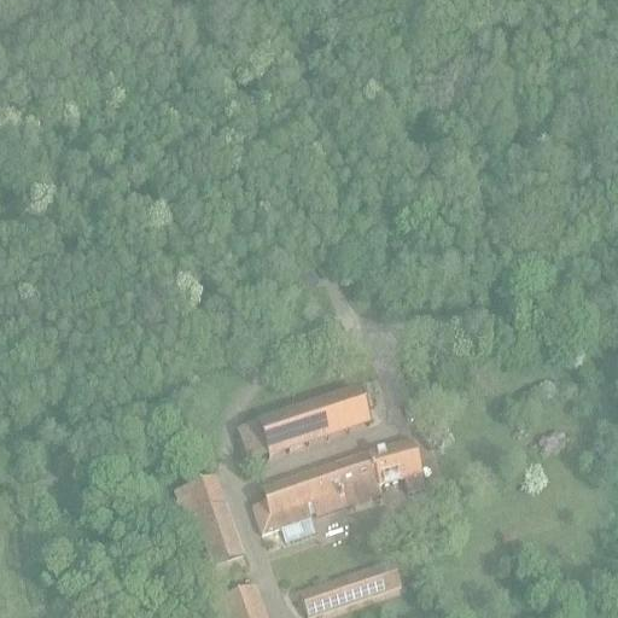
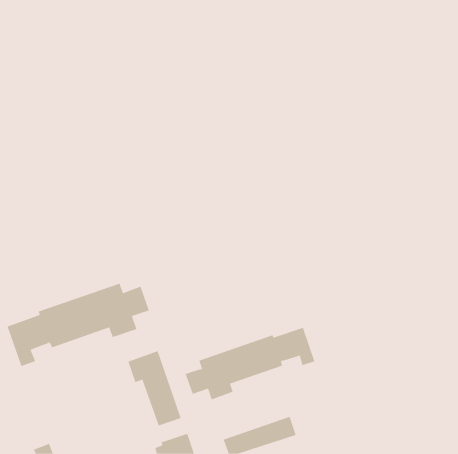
building: none -> [7,283,149,367]
building: [256,384,367,455] -> none

